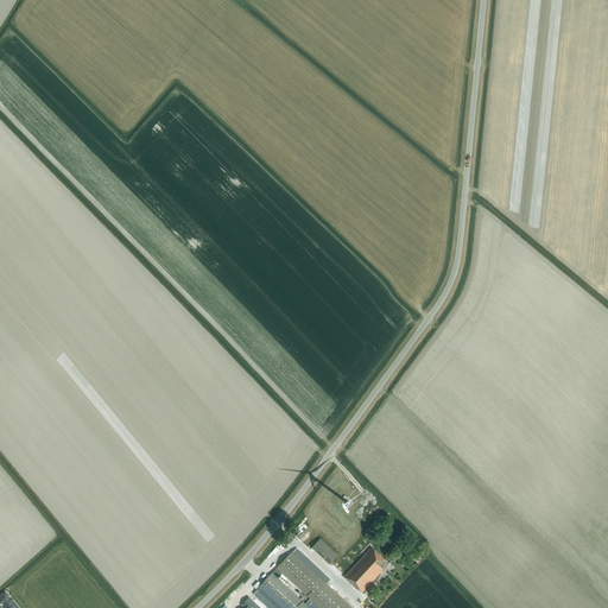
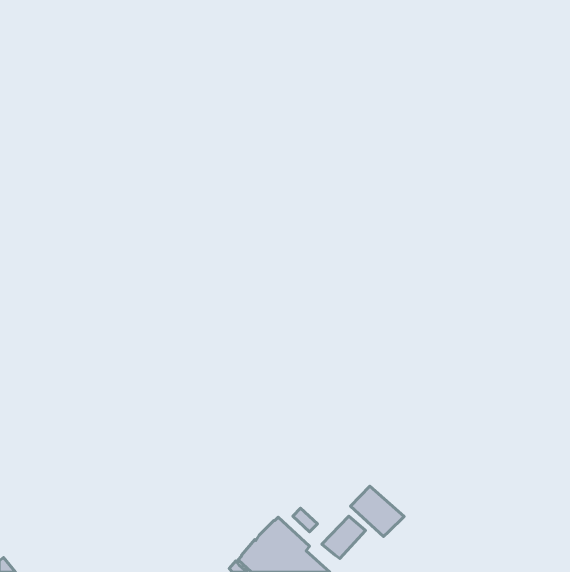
building: none -> [350,486,404,537]

